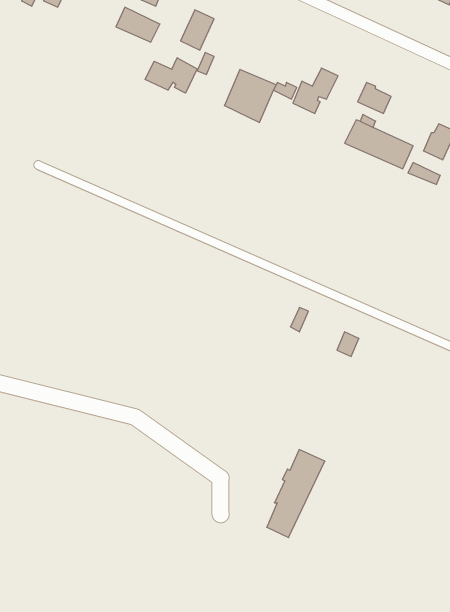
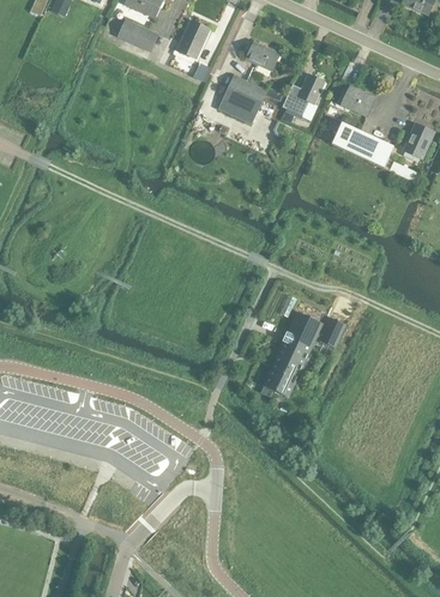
building: none -> [246,40,279,68]
building: [145,58,197,93] -> none
building: [267,450,325,538] -> [266,313,320,394]

